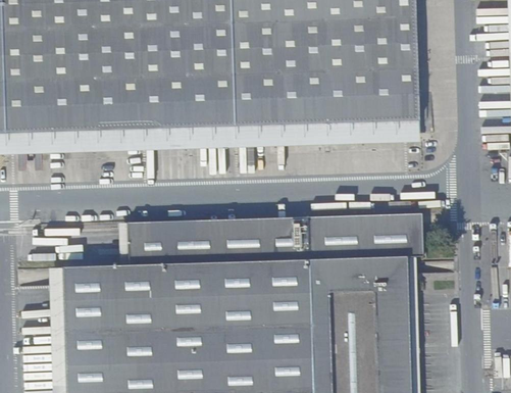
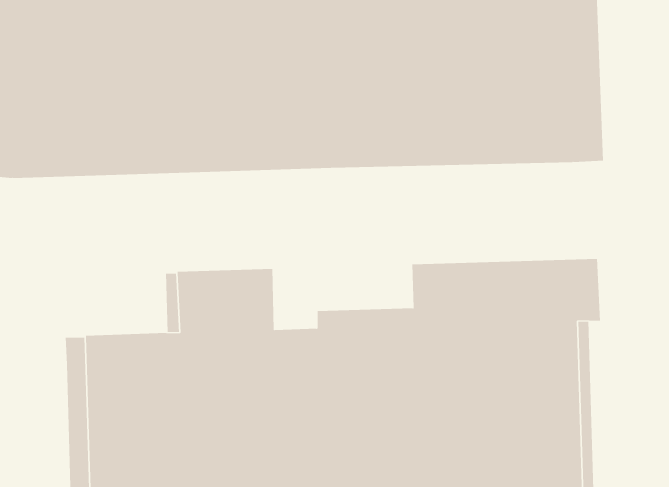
building: [193,214,291,260] -> none

